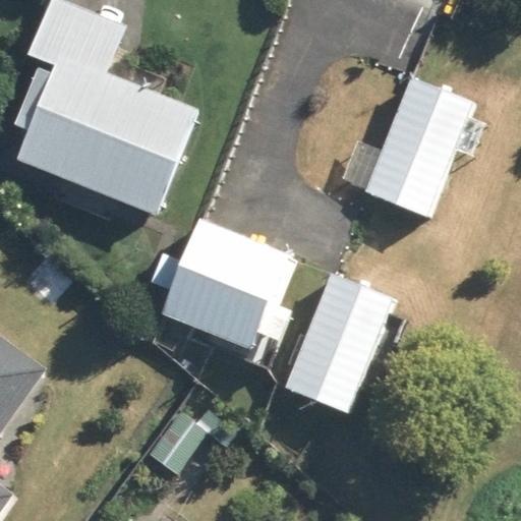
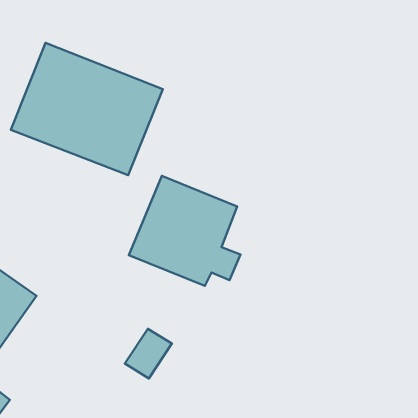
building: [363,76,476,219] -> none
building: [283,272,395,415] -> none

